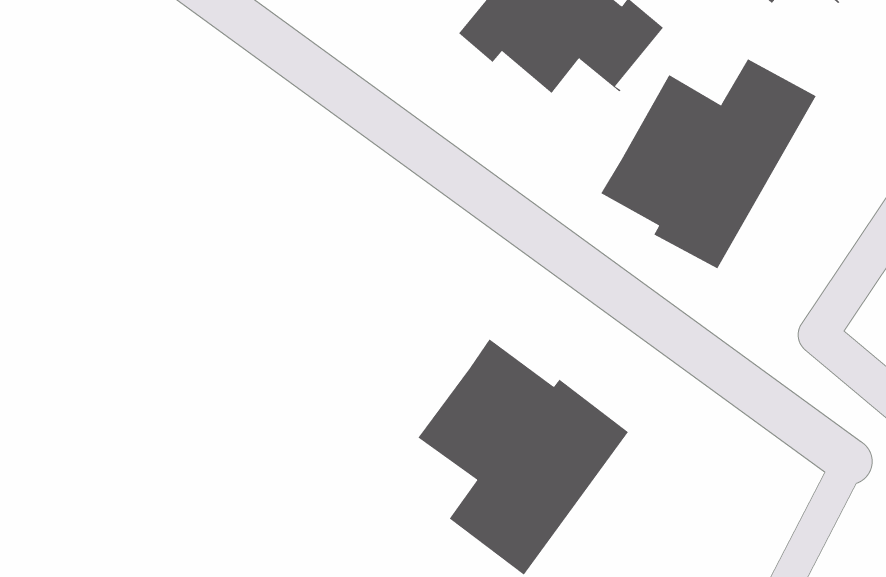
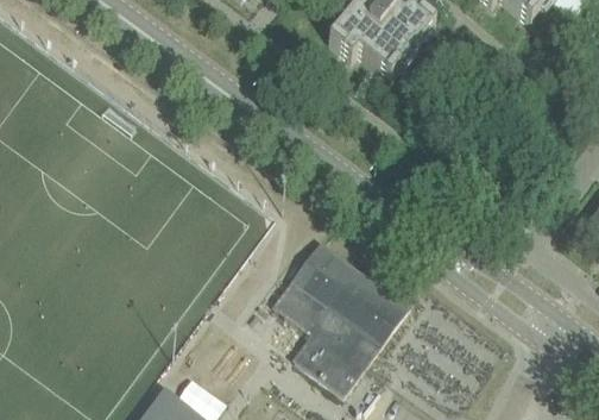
building: [600,59,817,269] -> none

